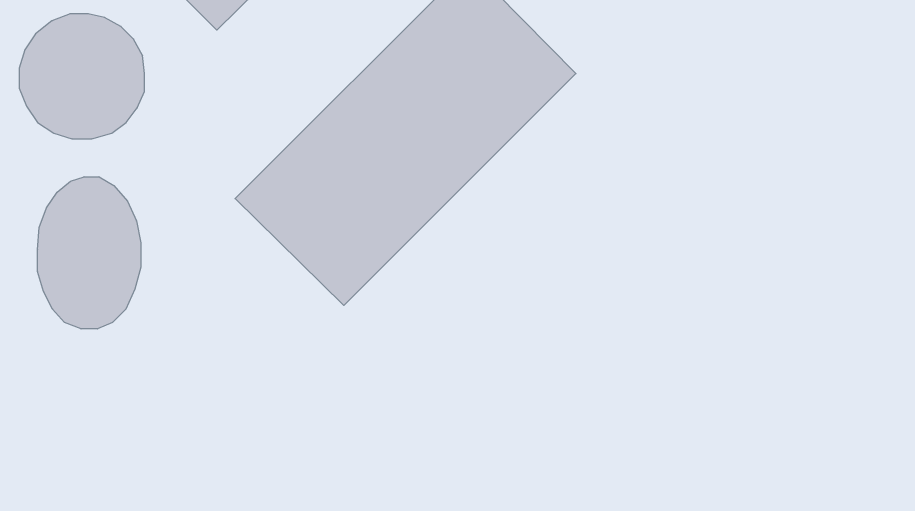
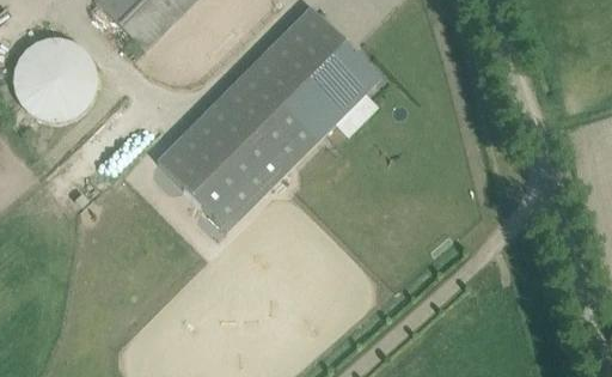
building: [38,177,141,329] -> none

